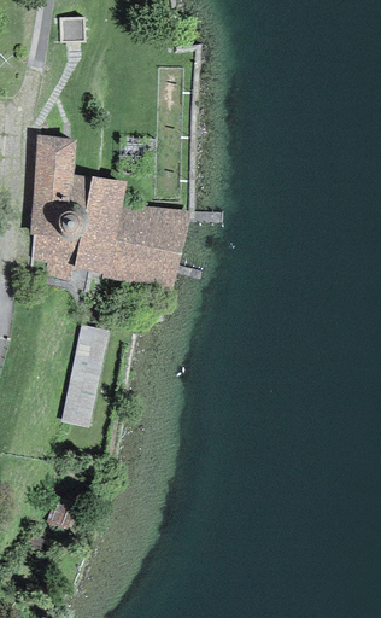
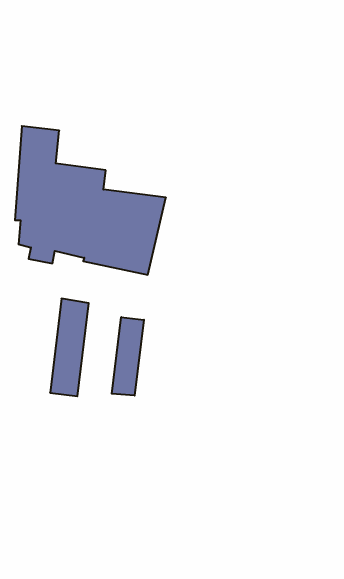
building: none -> [112,317,144,396]

